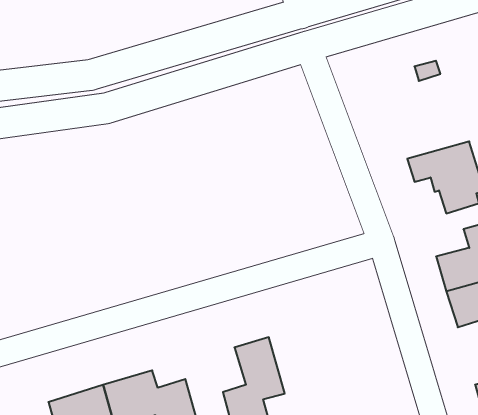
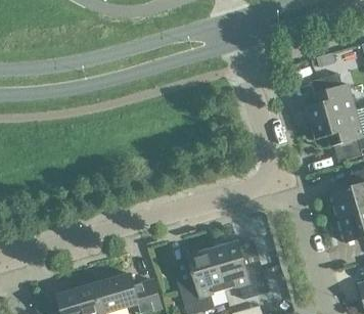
building: none -> [307,73,355,123]
building: none -> [213,242,269,299]

